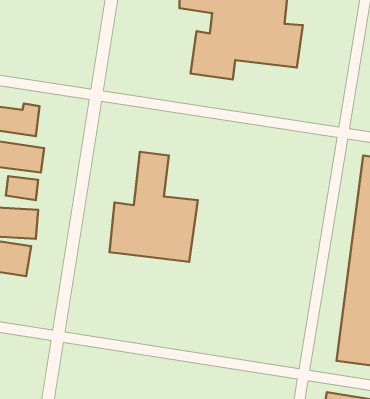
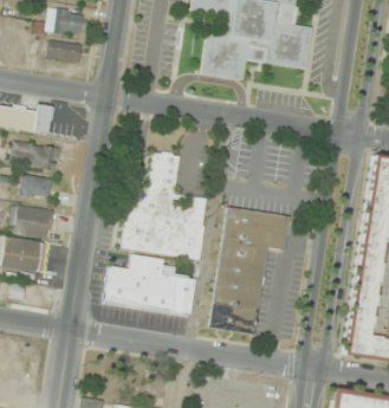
building: none -> [52,8,89,37]
building: none -> [46,39,84,63]
building: none -> [212,207,290,335]
building: none -> [104,254,196,315]

